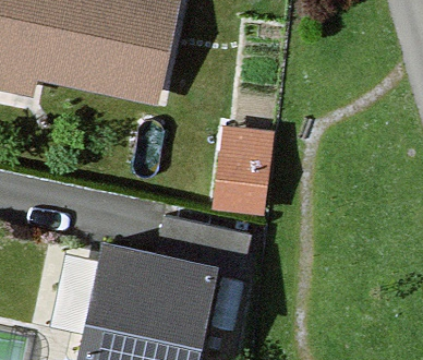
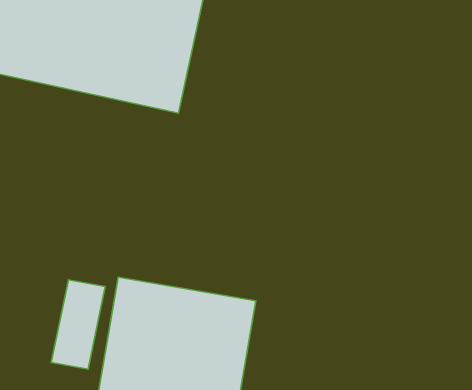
building: [215,121,273,207] -> none

